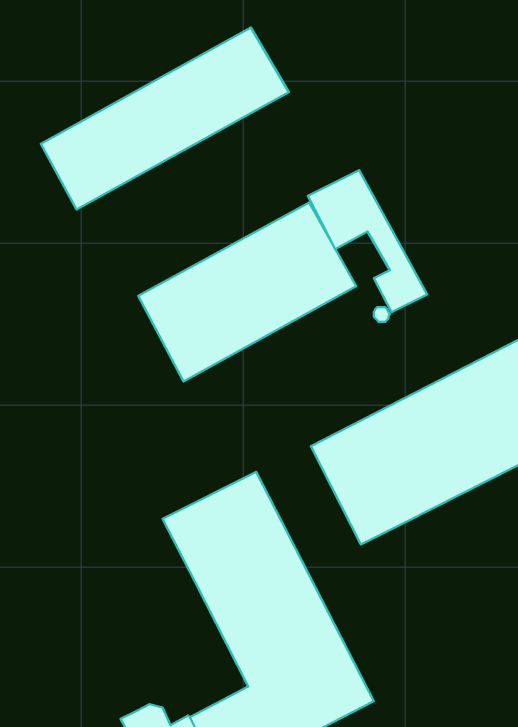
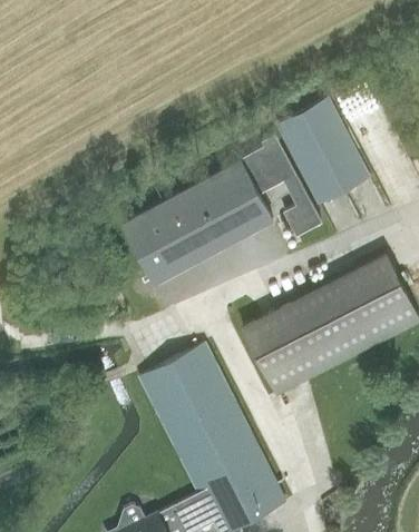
building: [41,28,289,209] -> none
building: none -> [276,99,370,206]

